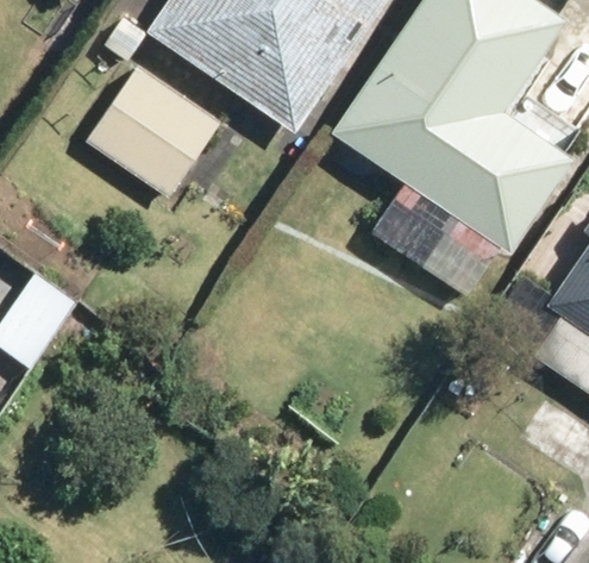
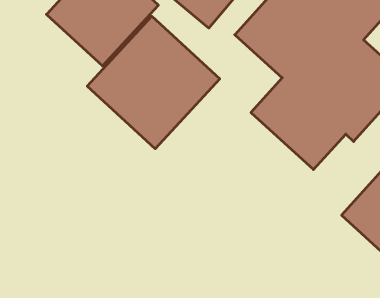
building: none -> [87,16,220,149]

